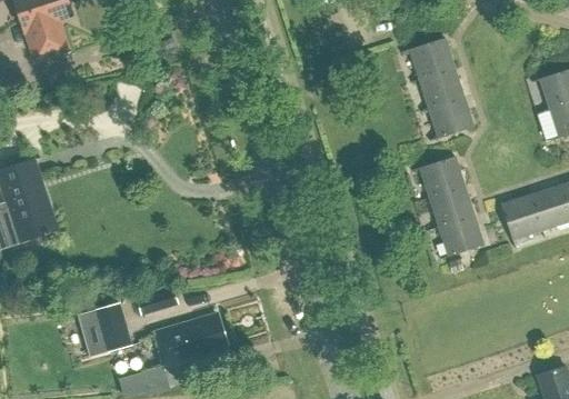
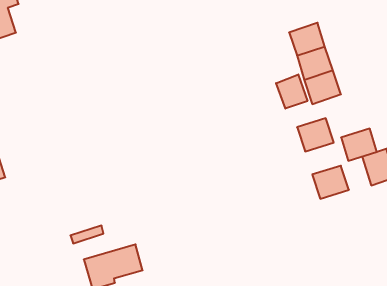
building: none -> [276,74,307,109]
building: [429,186,473,226] -> [341,129,377,161]
building: [77,302,131,356] -> none

